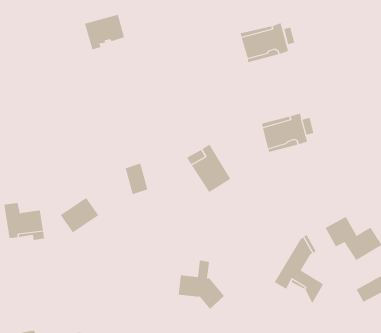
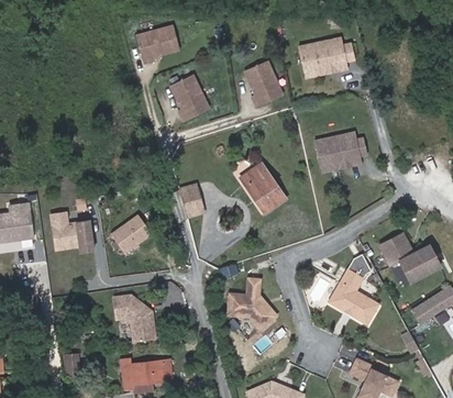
building: none -> [242,59,280,106]
building: none -> [168,75,207,121]
building: none -> [113,294,156,341]

